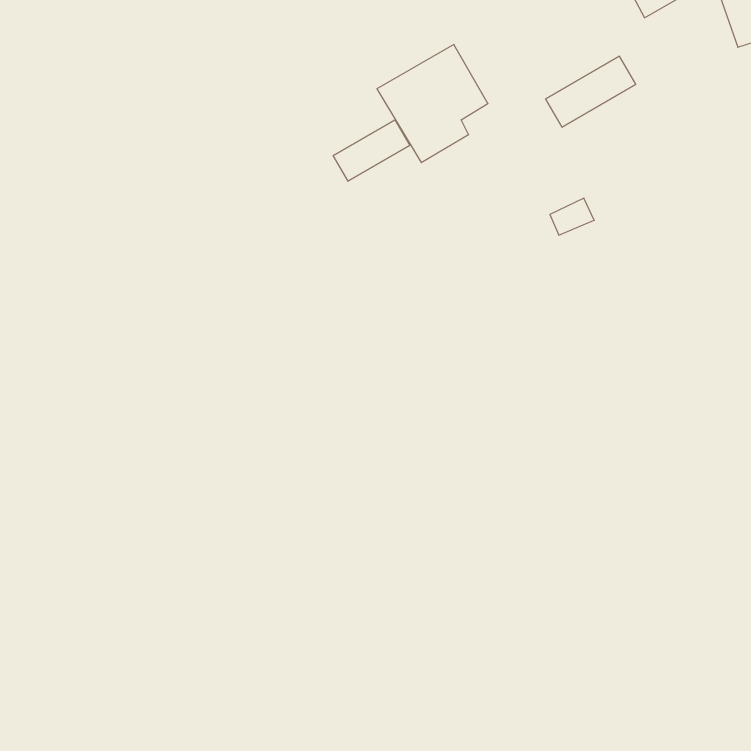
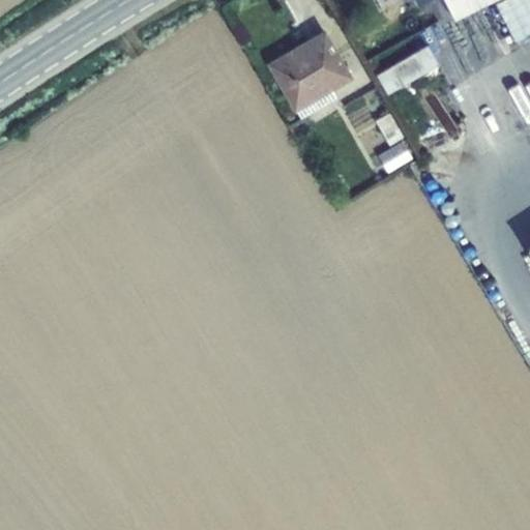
building: [333,120,410,181] -> none

